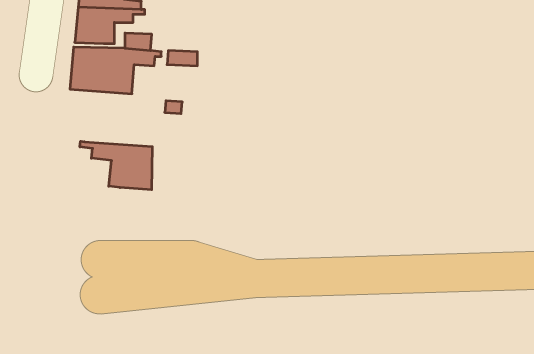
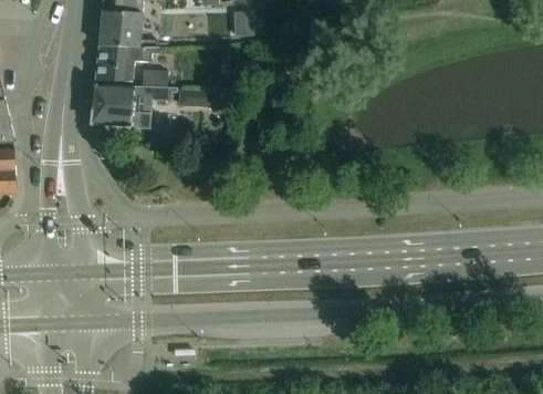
building: [80,141,152,190] -> none

